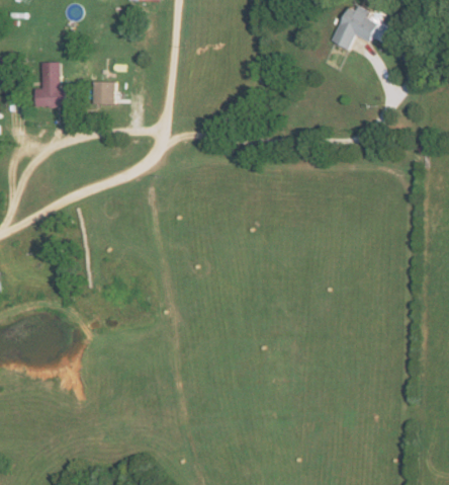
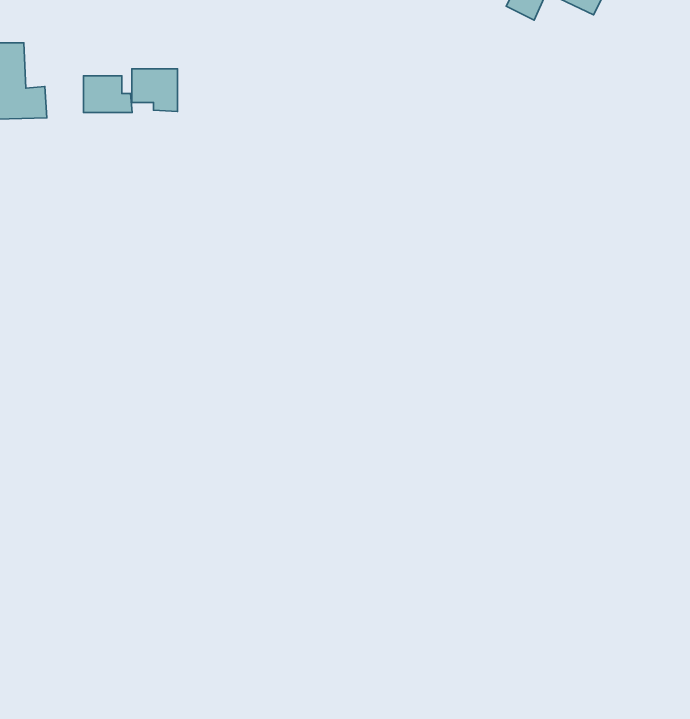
building: none -> [132,69,177,112]

